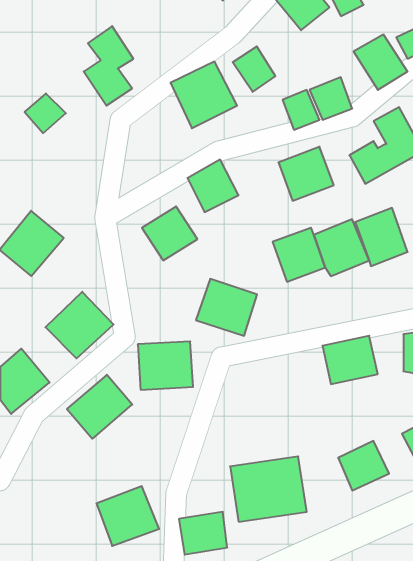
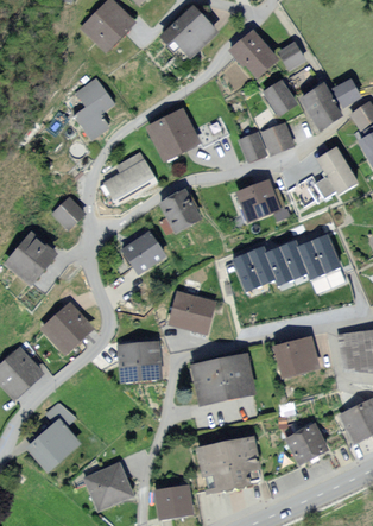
building: [233,46,275,92] -> [263,78,298,116]
building: [25,93,66,133] -> [52,196,87,229]
building: none -> [106,158,160,205]
building: none -> [188,350,257,405]
building: [67,375,132,439] -> [26,419,81,473]

